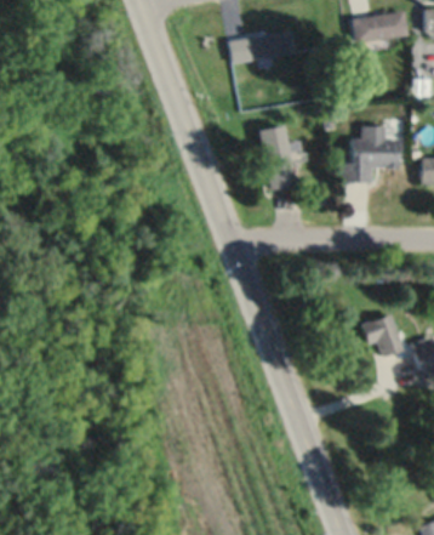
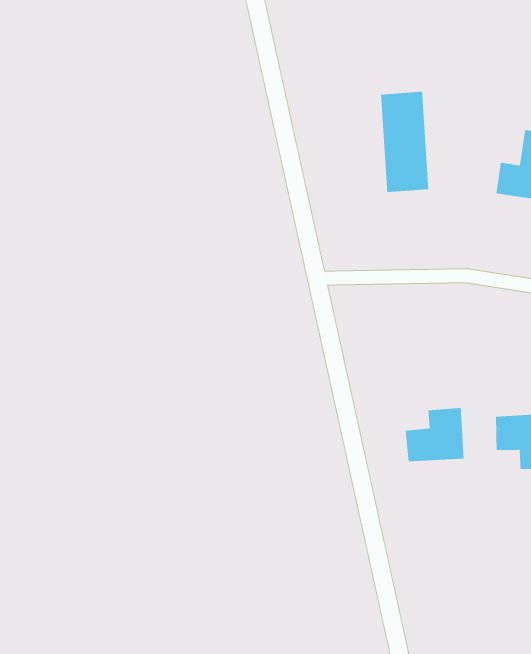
building: none -> [405,407,464,462]

